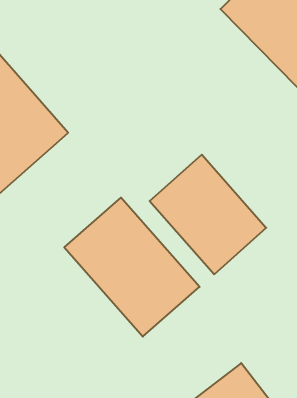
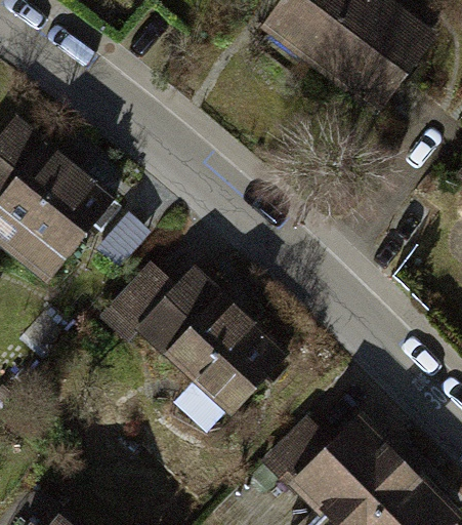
building: [150,155,266,274] -> none

